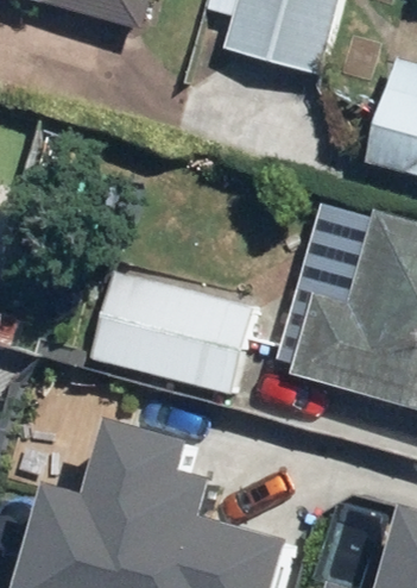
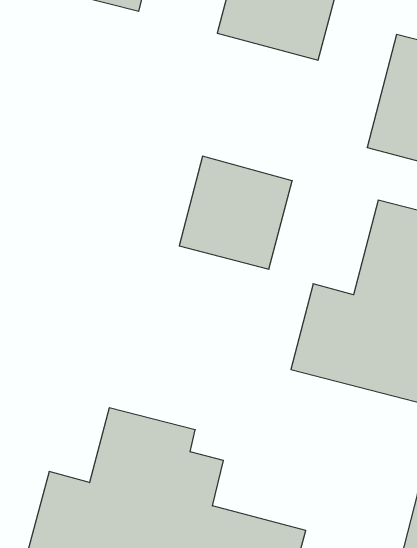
building: [137,283,246,393] -> [179,156,292,269]

